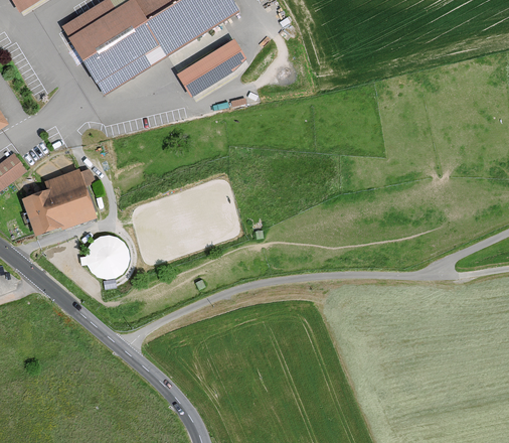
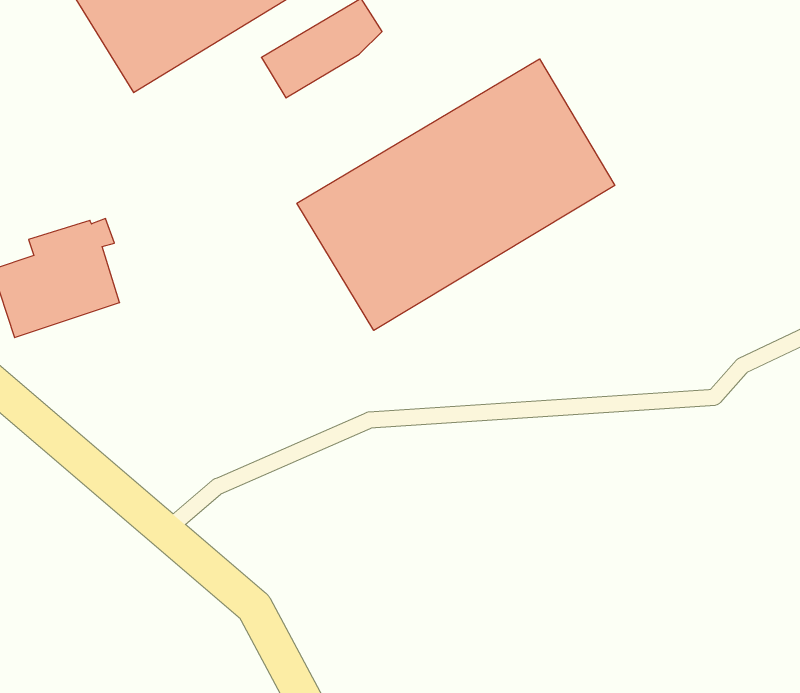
building: none -> [297,59,615,330]
building: [78,235,129,278] -> none

